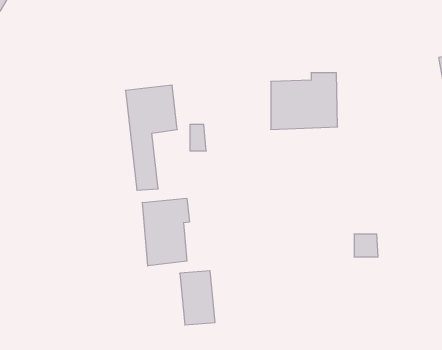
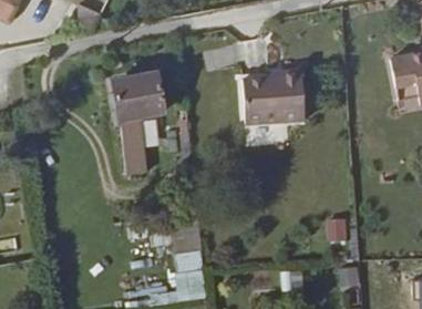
building: [142,198,190,266] -> none

